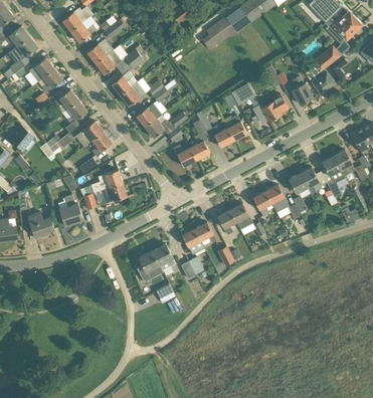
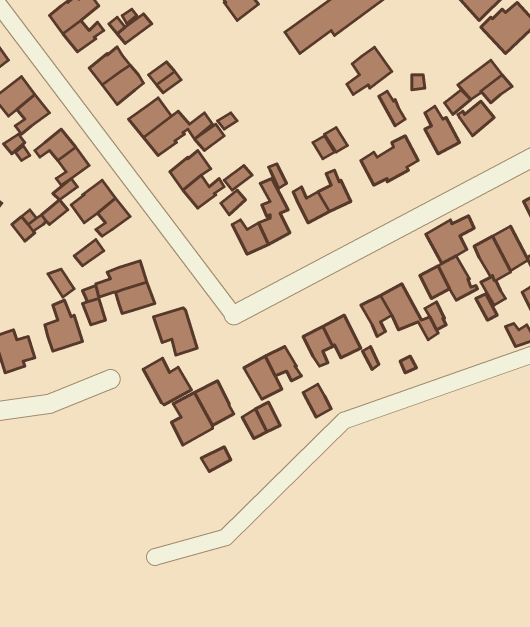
building: none -> [347,47,392,94]
building: none -> [426,216,474,264]
building: none -> [153,308,197,355]
building: none -> [143,358,192,405]

